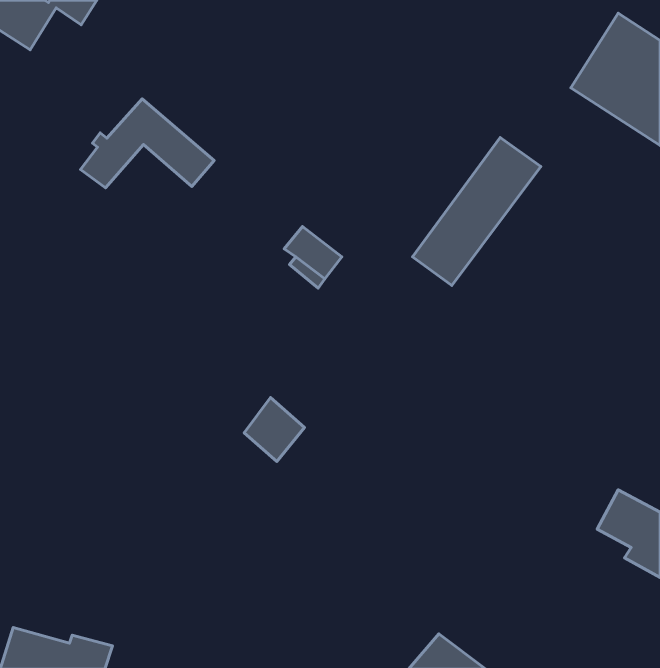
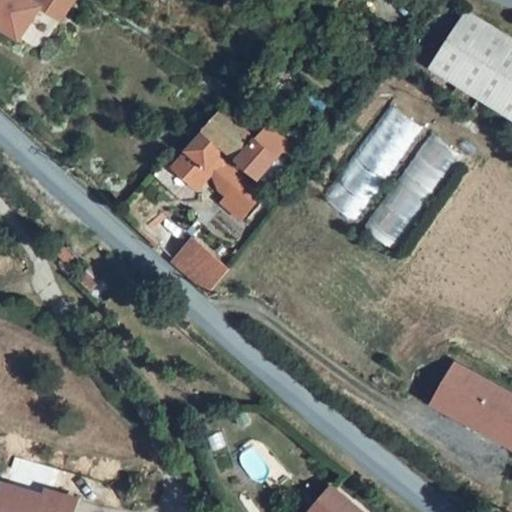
building: [81,99,214,188] -> [174,112,276,180]
building: none -> [358,134,452,249]
building: [244,397,304,462] -> [184,247,230,296]
building: none -> [434,367,482,432]

